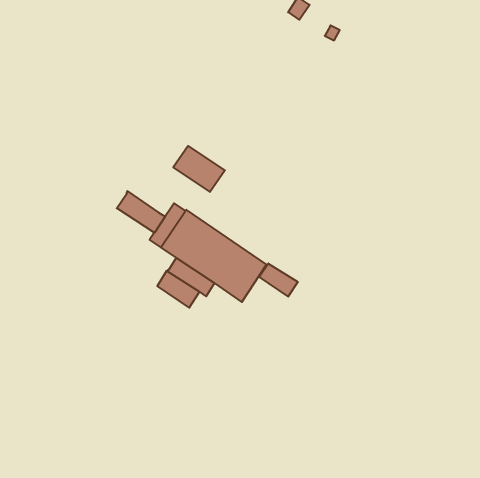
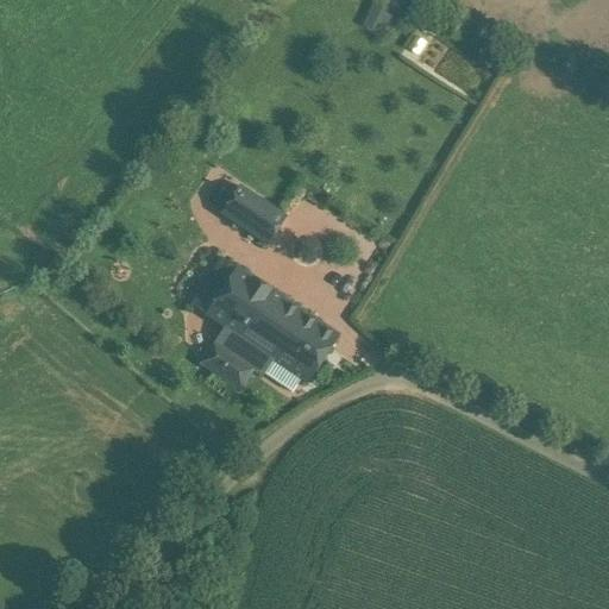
building: [117,191,165,233] -> none
building: [259,263,298,297] -> none

